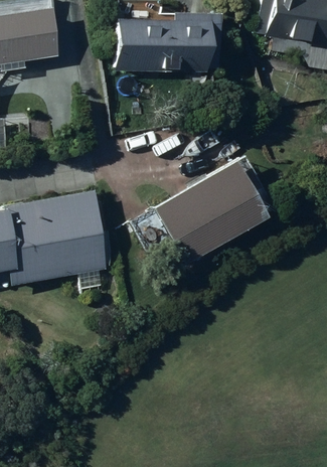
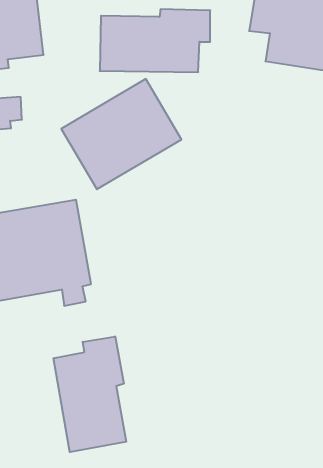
building: [154,161,266,264] -> [61,79,181,189]
building: none -> [53,336,126,452]

